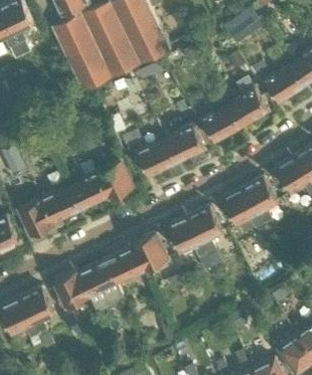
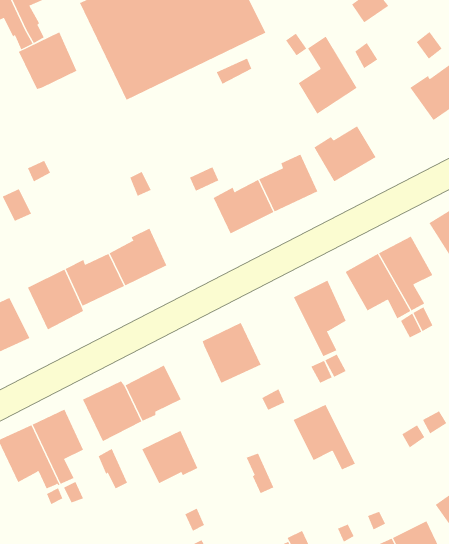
building: none -> [18,31,77,90]
building: [230,76,269,127] -> [298,36,358,115]
building: [98,161,134,199] -> none
building: [168,216,208,258] -> [293,404,356,470]
building: [107,247,143,282] -> [142,430,198,484]

